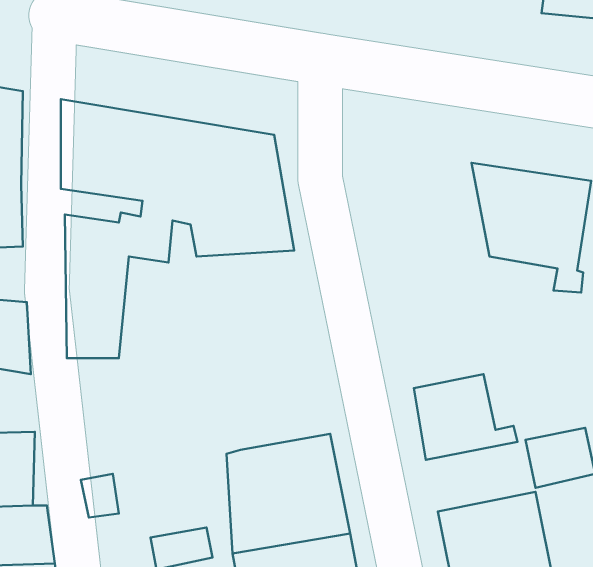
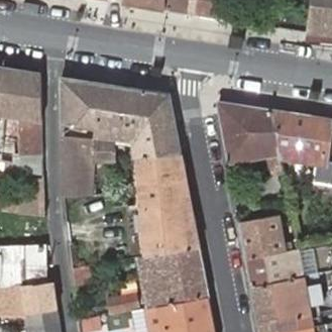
building: none -> [216,101,282,173]
building: none -> [124,153,198,254]
building: none -> [246,249,302,286]

